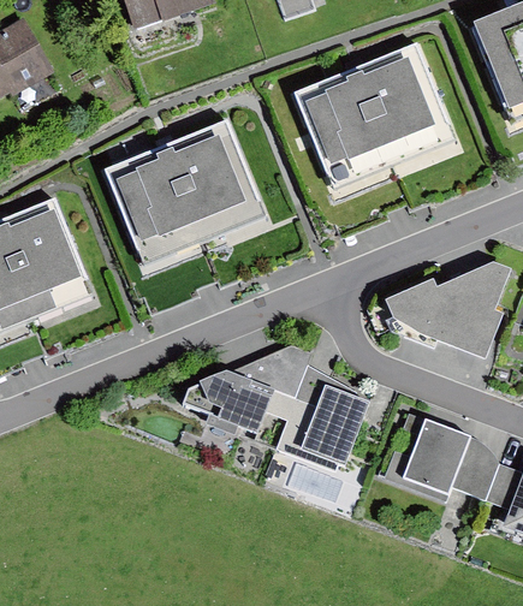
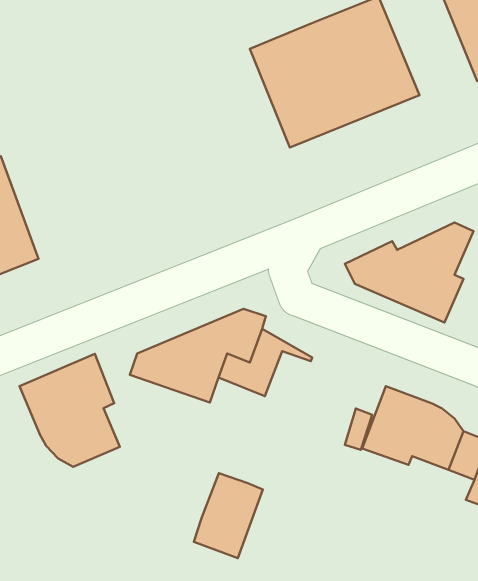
building: [103,118,268,266] -> none
building: [302,384,368,465] -> [194,473,263,558]
building: none -> [19,354,120,467]

